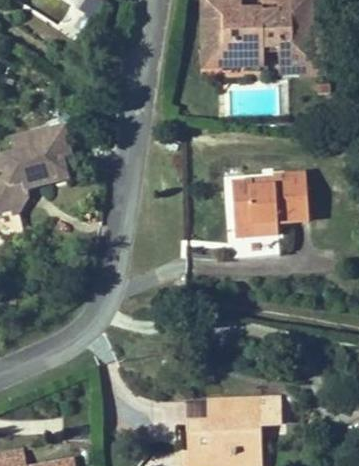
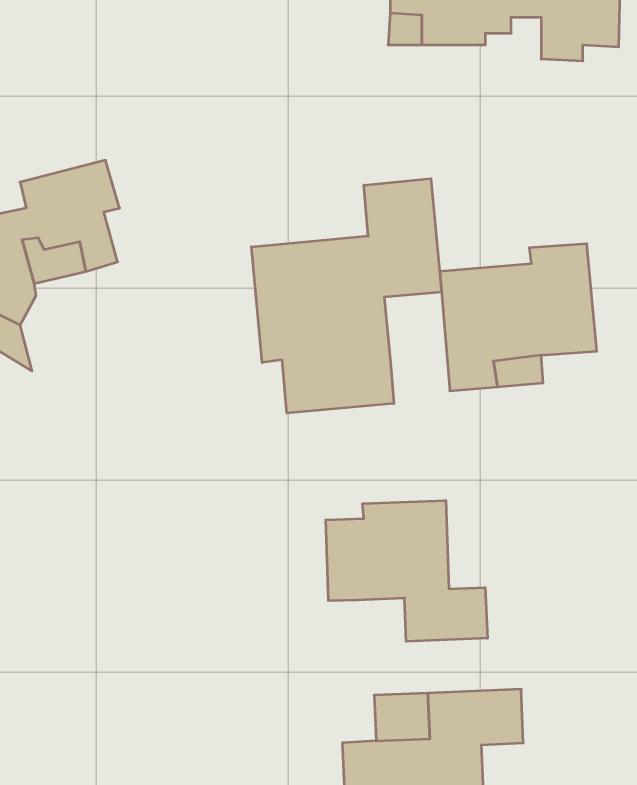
building: none -> [251,179,441,413]
building: none -> [326,500,487,641]

